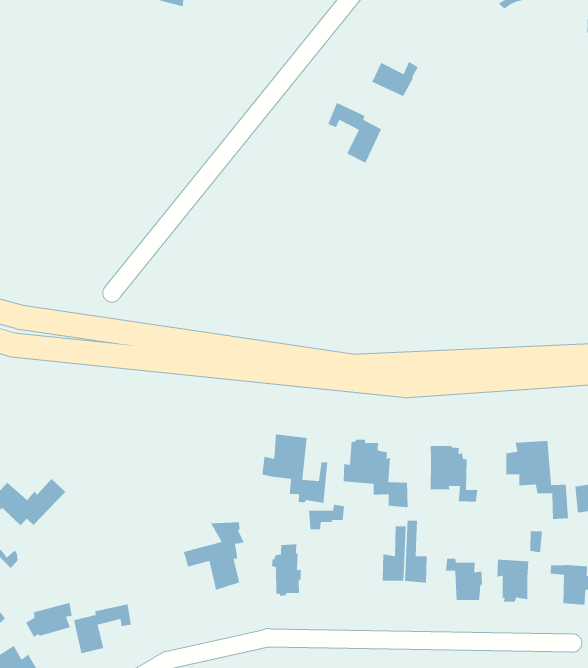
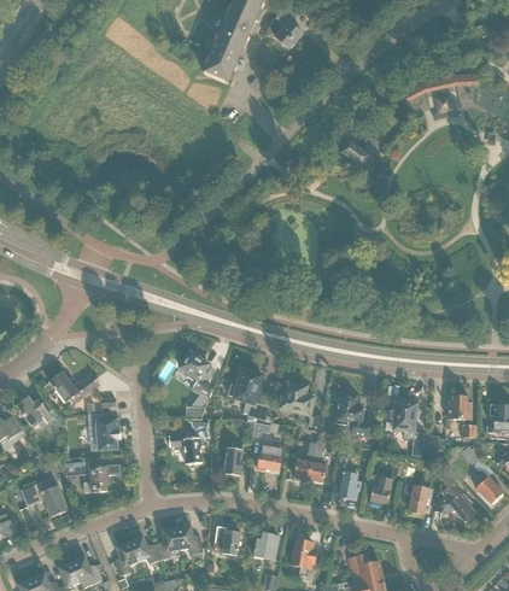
building: [327,102,382,164] -> none
building: none -> [179,350,212,417]
building: none -> [87,411,119,449]
building: none -> [256,440,282,469]

